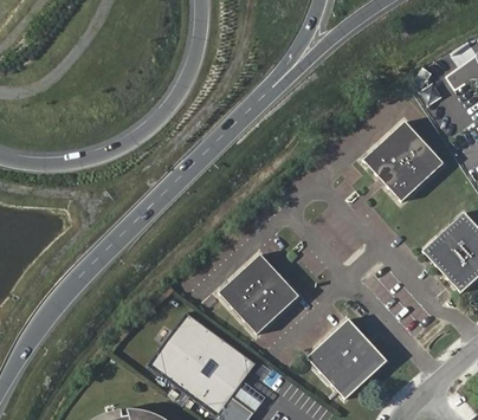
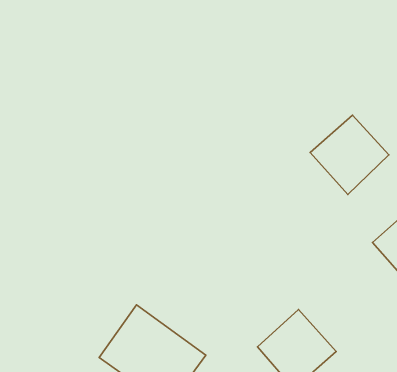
building: [218,253,299,335] -> none

